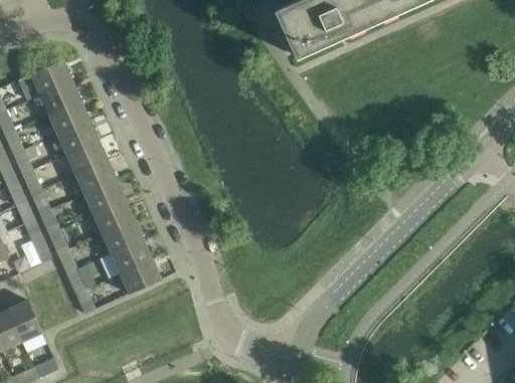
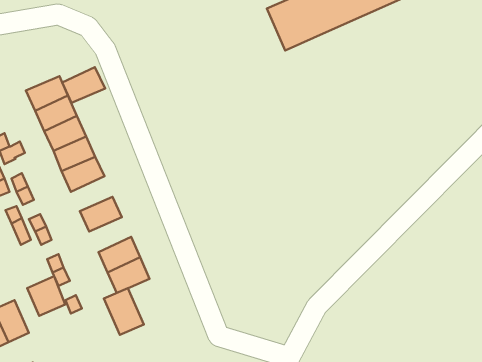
building: [30,59,72,94] -> [62,67,105,103]
building: [83,179,125,213] -> none
building: [102,219,143,253] -> none
building: none -> [27,276,65,316]
building: none -> [104,288,144,335]

